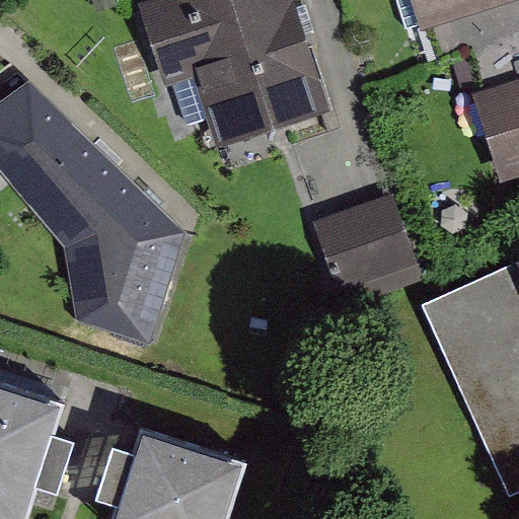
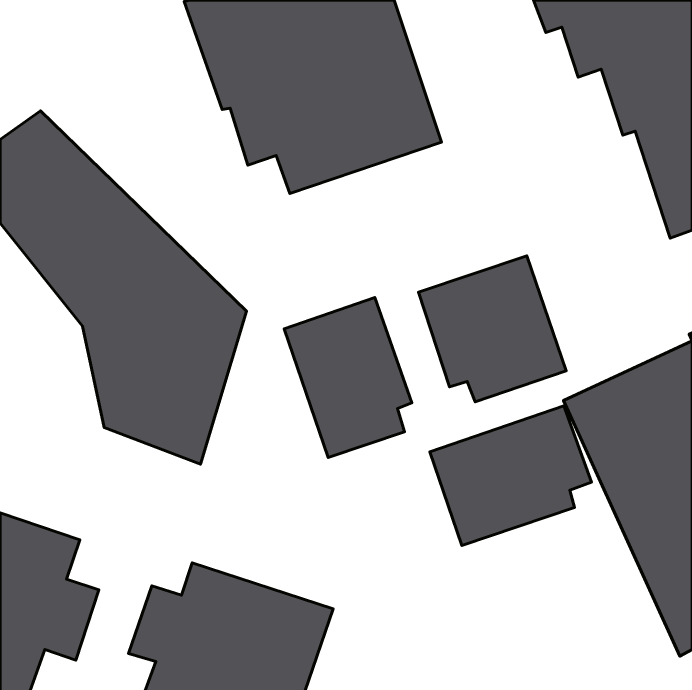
building: none -> [284,297,412,458]
building: none -> [430,406,591,546]

